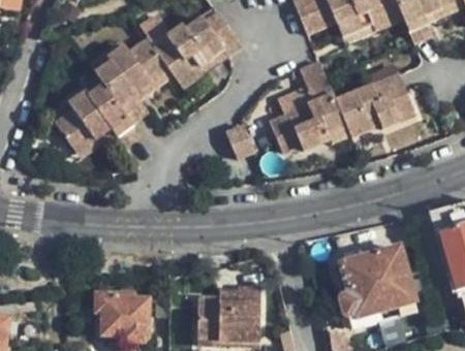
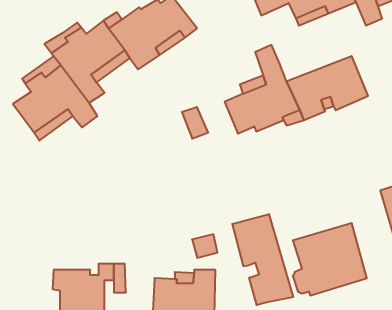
building: none -> [232,214,293,305]

